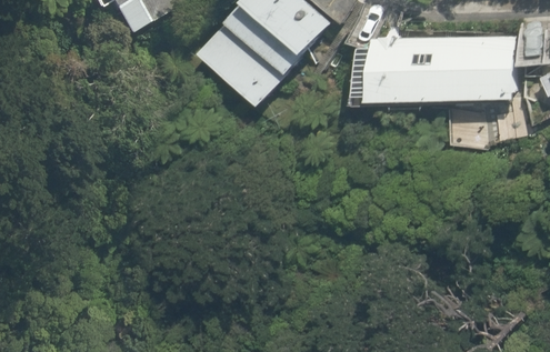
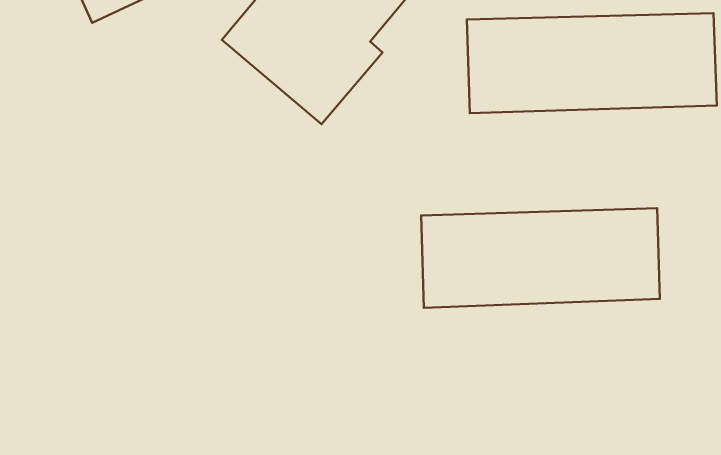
building: none -> [421,208,660,308]

